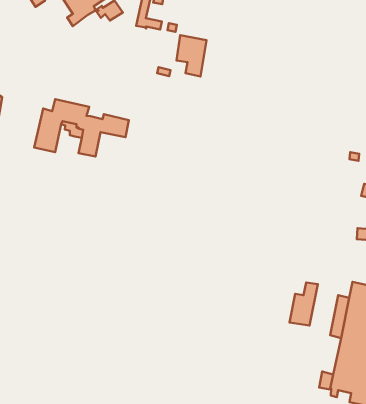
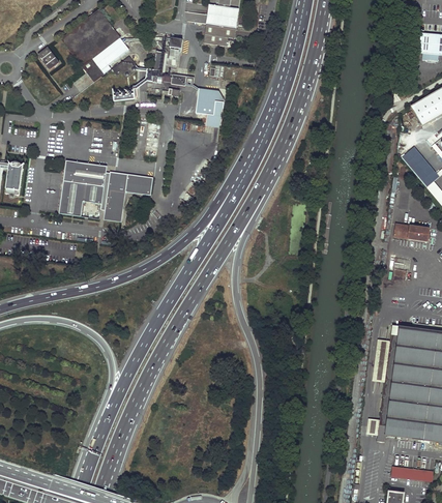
building: [289,283,318,326] -> none

